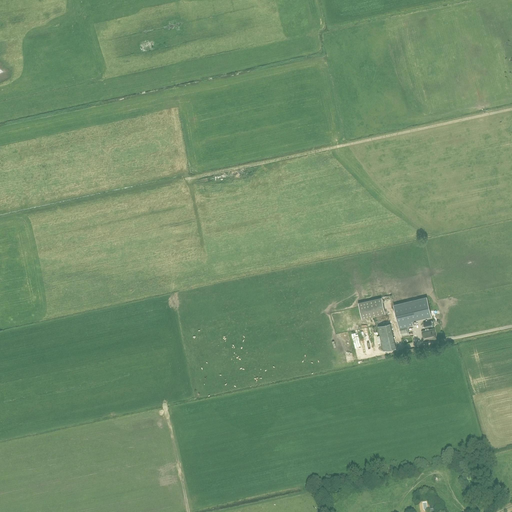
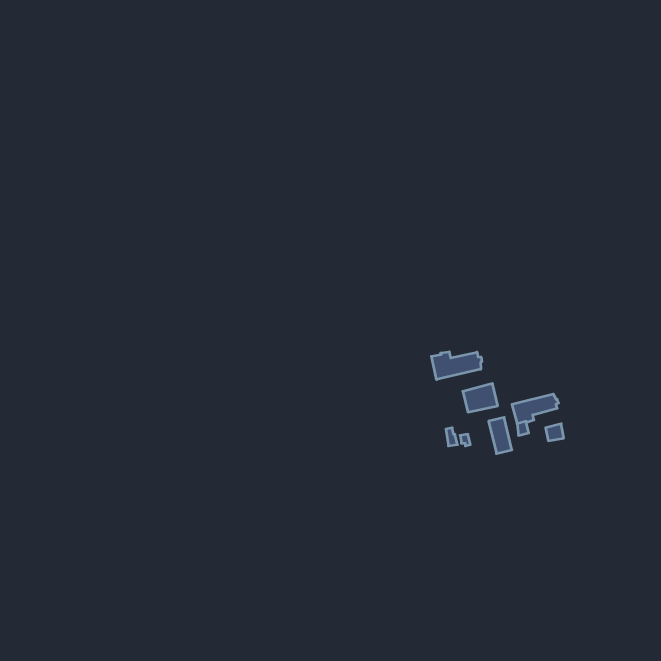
building: none -> [431,352,482,380]

